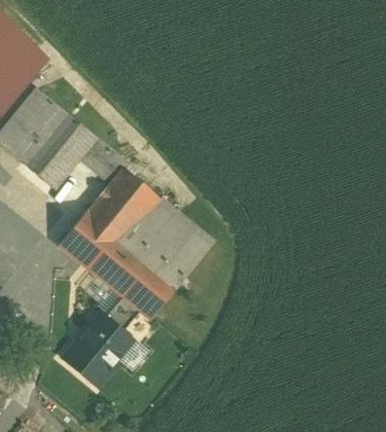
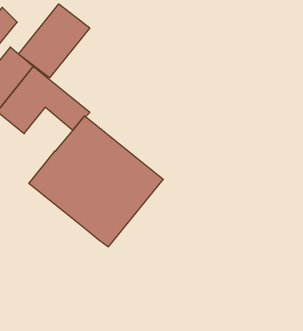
building: none -> [19,4,90,78]
building: [61,295,137,386] -> none

